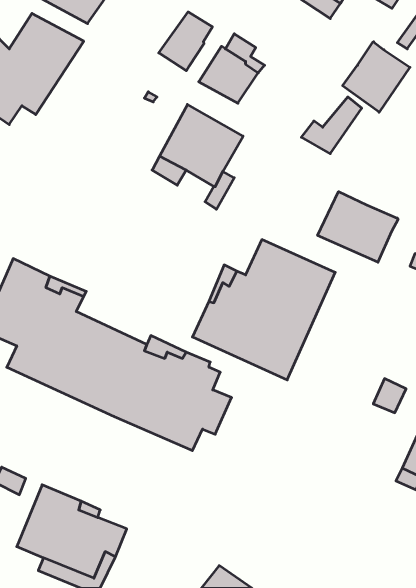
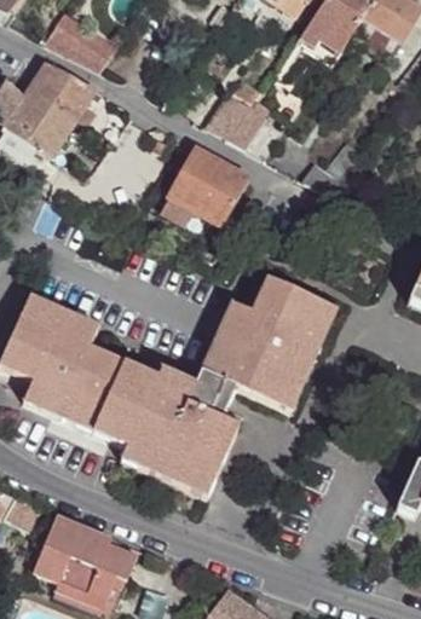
building: [159,12,212,71] -> none
building: [343,42,410,112] -> none
building: [318,192,398,262] -> none

